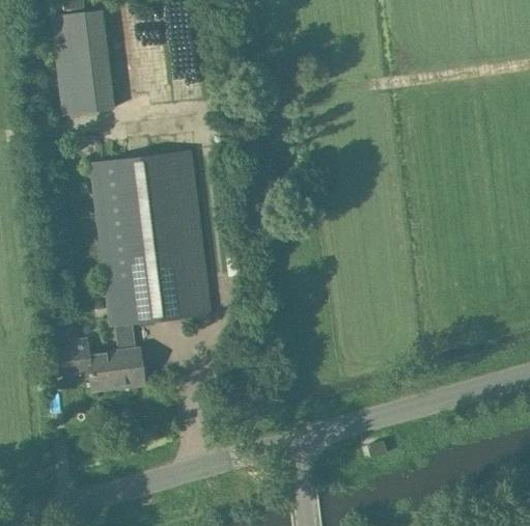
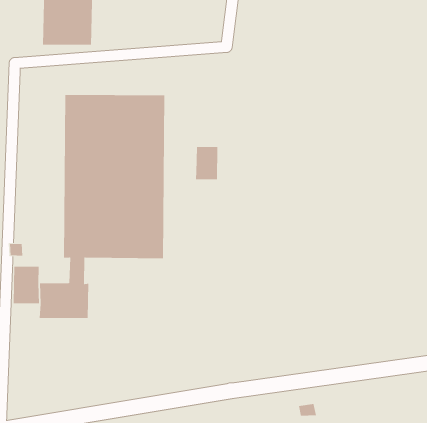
building: none -> [195,146,218,180]

